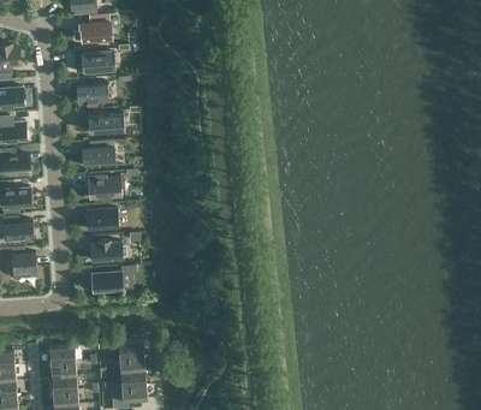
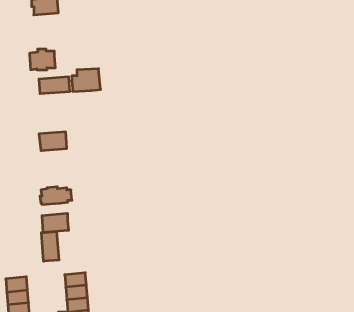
building: [75,50,113,72] -> none
building: [82,139,115,166] -> [72,69,101,91]
building: [87,208,118,230] -> none
building: none -> [41,232,59,261]

